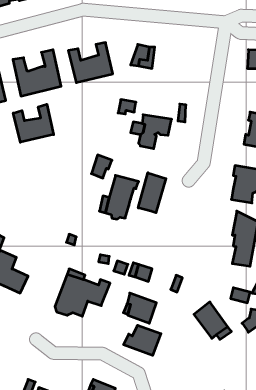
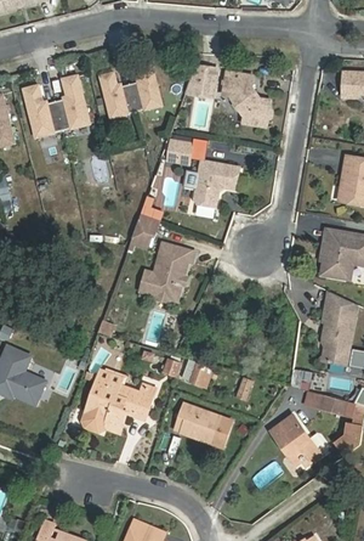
building: none -> [223,71,272,125]
building: [13,104,54,142] -> none
building: [138,173,166,213] -> none
building: [124,325,161,355] -> none

